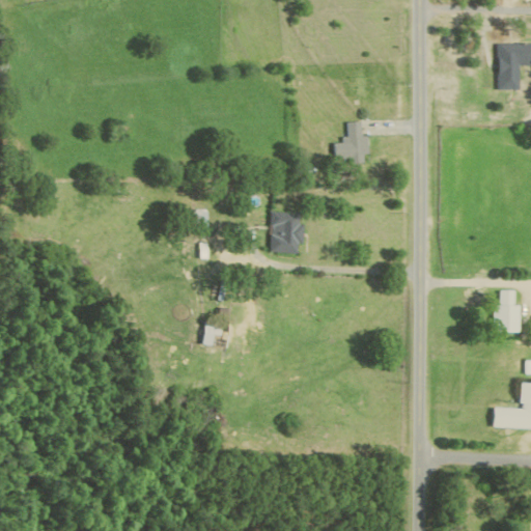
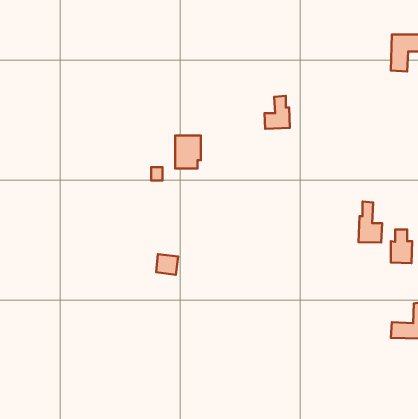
building: [270,212,302,253] -> [175,136,201,168]
building: none -> [358,202,382,243]

